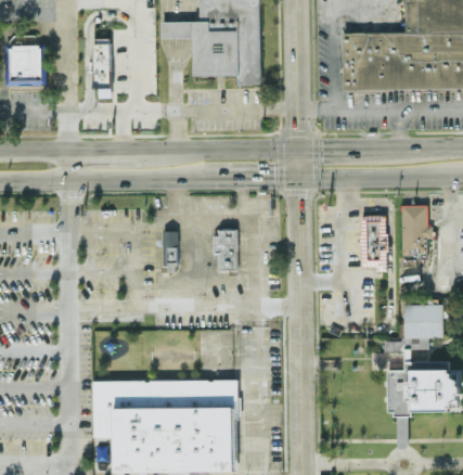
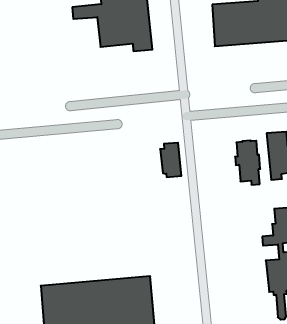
building: [92,38,112,99] -> none
building: [214,229,239,272] -> [160,143,181,177]
building: [163,231,178,267] -> none

